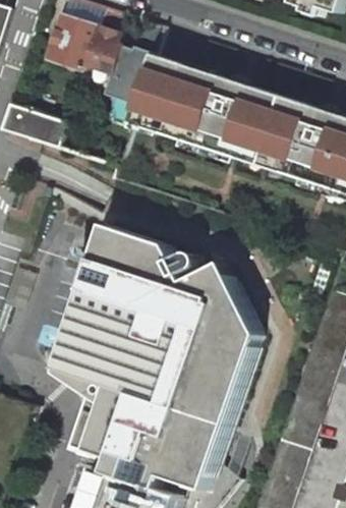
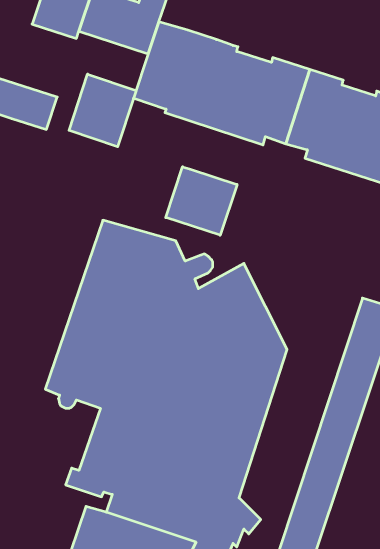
building: none -> [69,74,136,147]
building: none -> [166,167,237,235]

